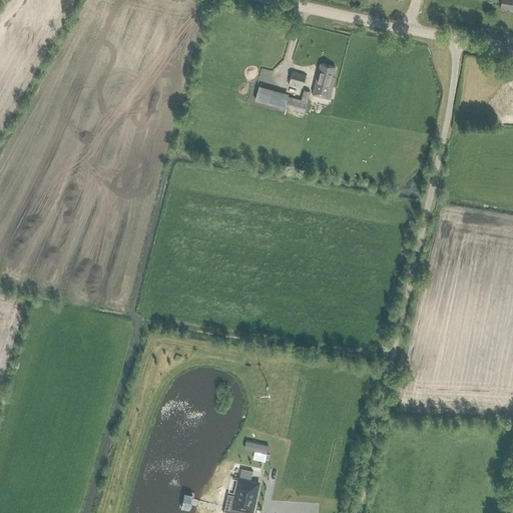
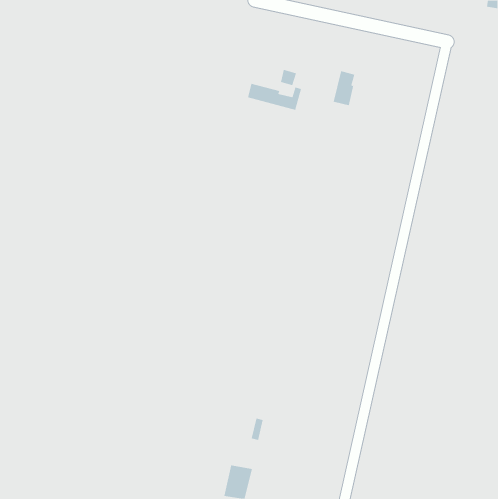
building: [312,63,335,99] -> [333,71,355,106]

